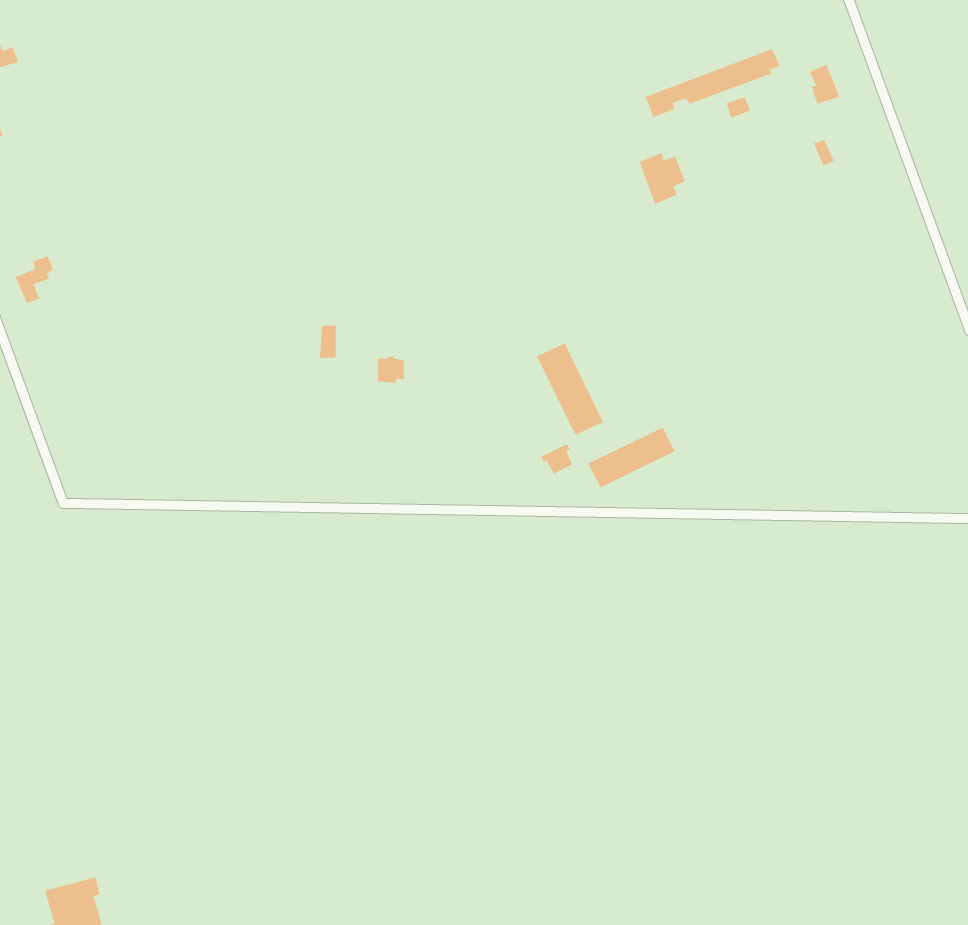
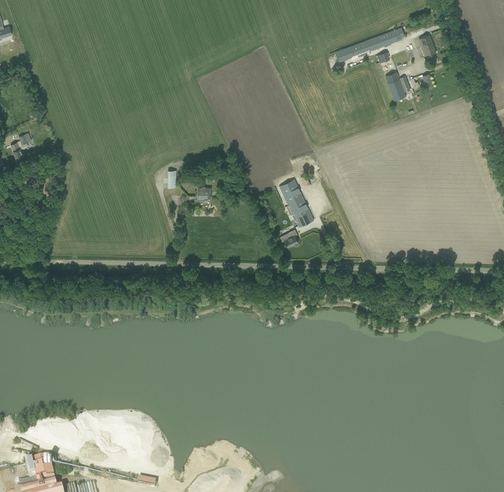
building: [639,152,685,204] -> [386,74,410,101]
building: [588,427,675,488] -> none

